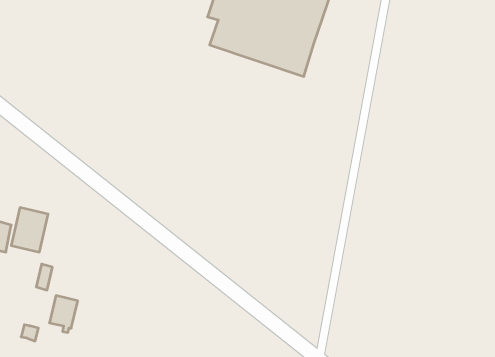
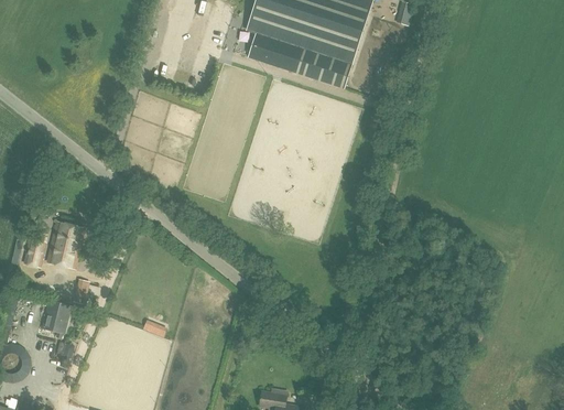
building: [49,296,78,332] -> [42,300,70,337]

